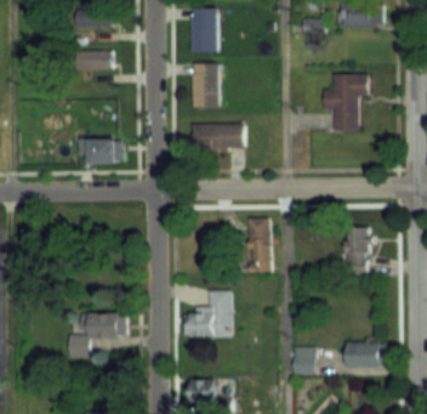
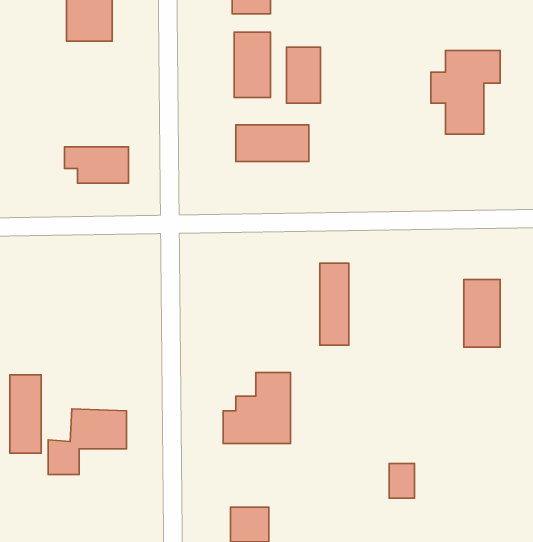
building: none -> [286,47,321,103]
building: none -> [10,375,41,453]
building: [346,342,387,367] -> none

